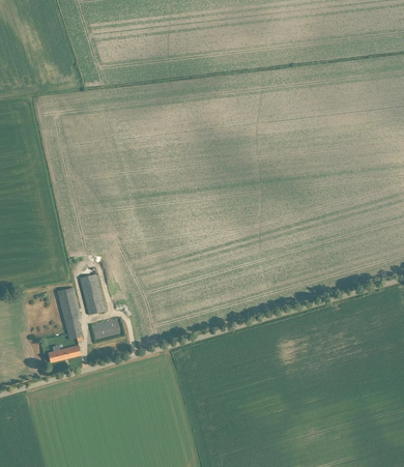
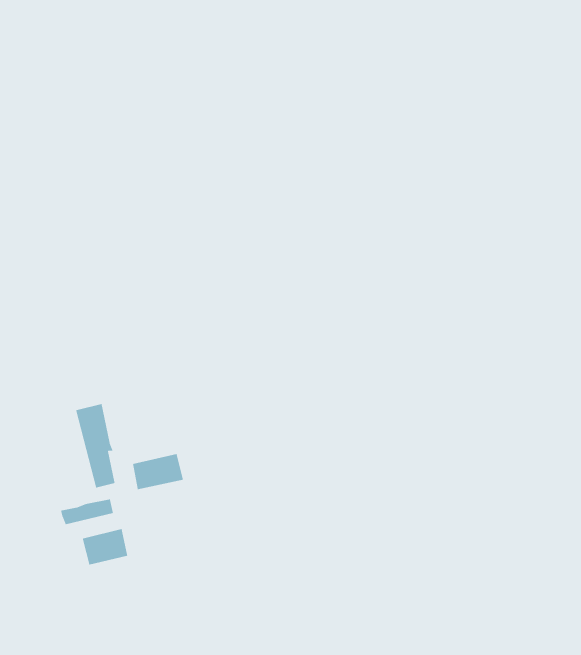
building: [78,273,103,314] -> none
building: none -> [82,528,128,565]

